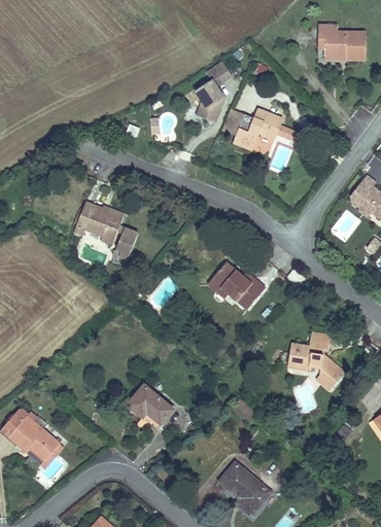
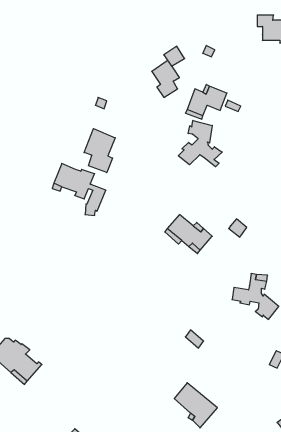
building: none -> [178,120,222,167]
building: none -> [84,129,115,173]
building: [128,384,173,428] -> none

